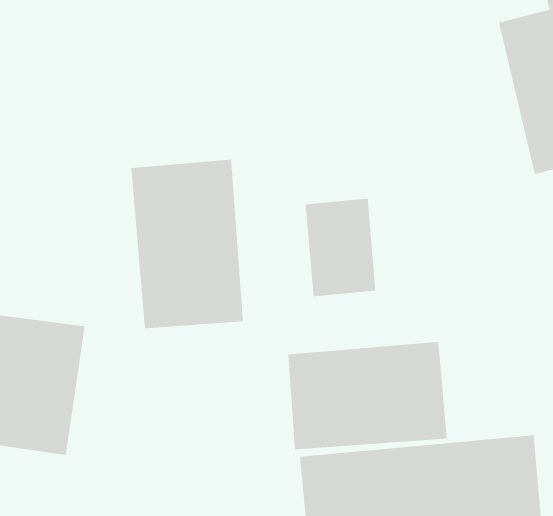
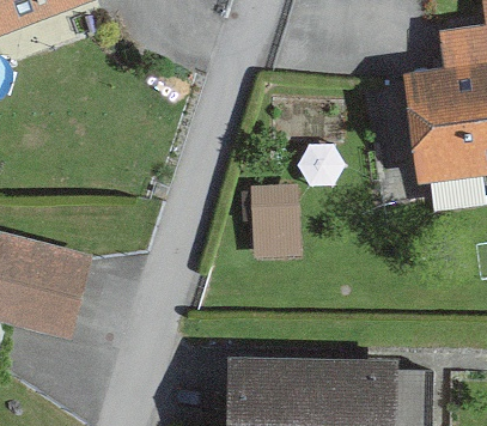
building: [131,159,243,329] -> none
building: [288,341,447,450] -> none

